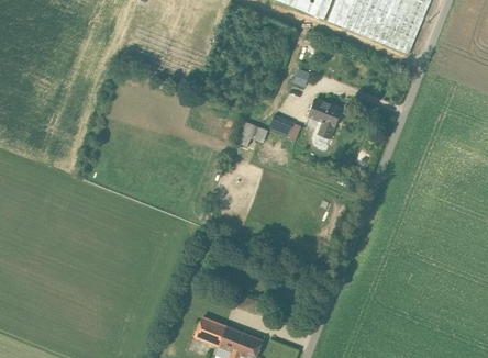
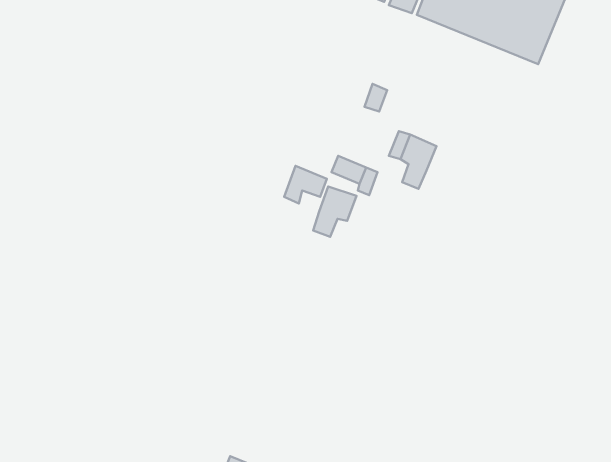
building: none -> [313,187,356,237]

